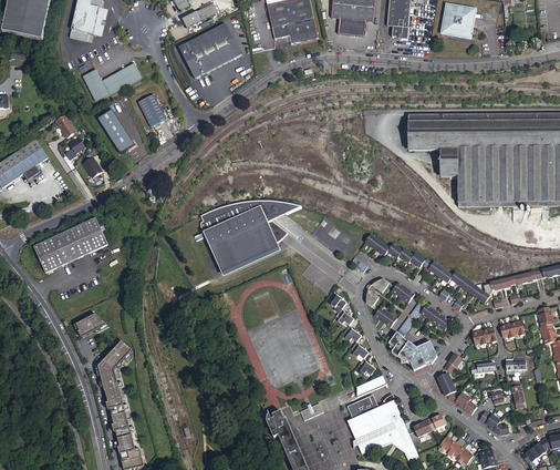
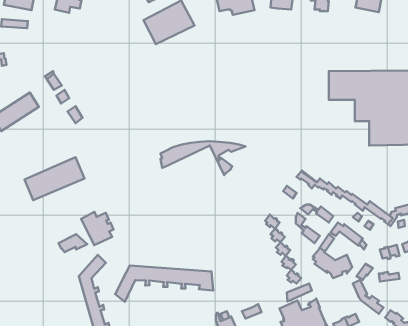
building: [83,65,141,101] -> none
building: [137,94,166,127] -> none
building: [97,109,134,154] -> none
building: [204,205,279,273] -> none
building: none -> [81,212,113,245]
building: none -> [115,266,213,302]

